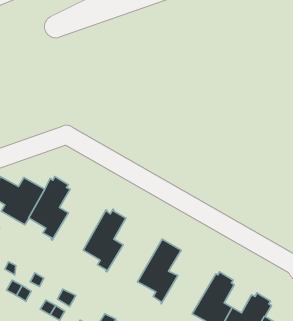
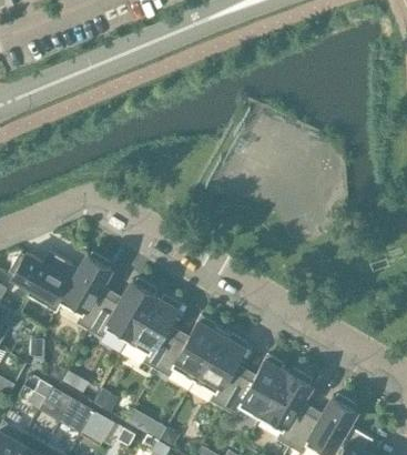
building: none -> [88,282,153,345]
building: none -> [154,318,222,384]
building: none -> [221,357,287,423]

